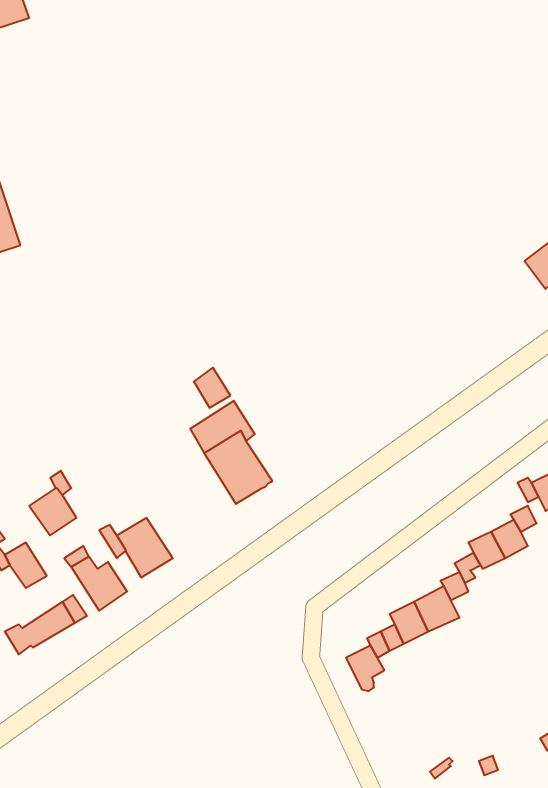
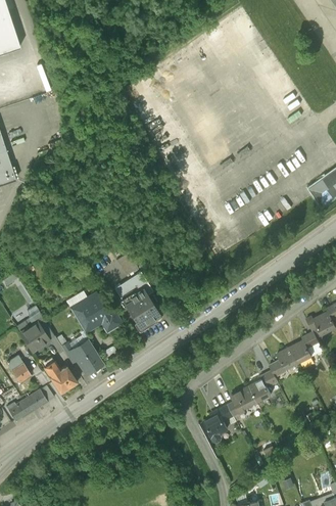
building: none -> [69,295,122,332]

